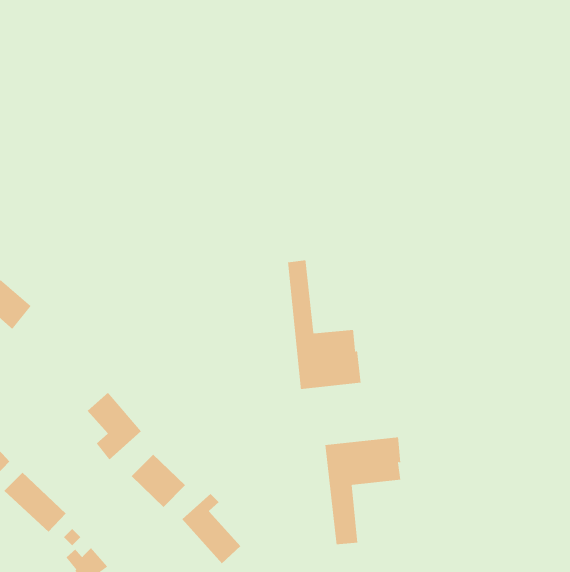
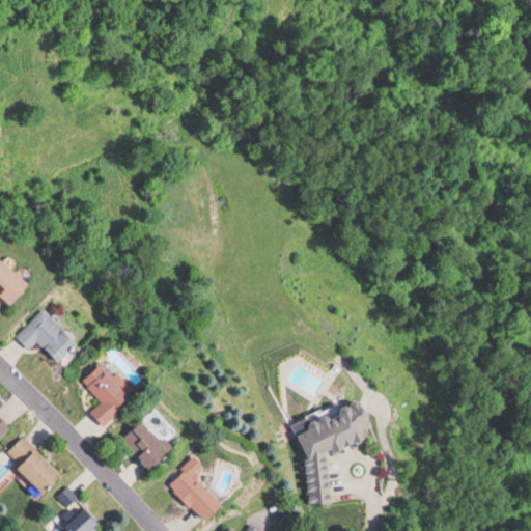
building: [287,260,361,390] -> none
building: none -> [13,309,76,363]

